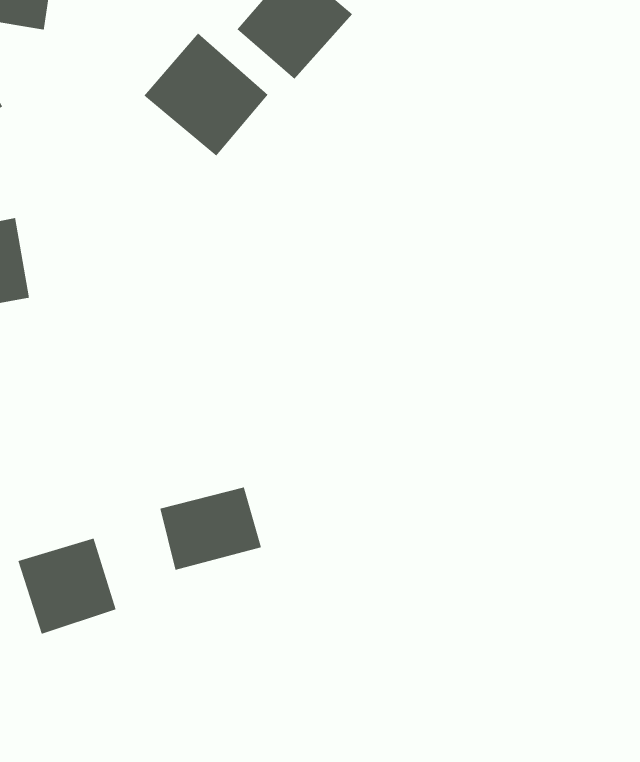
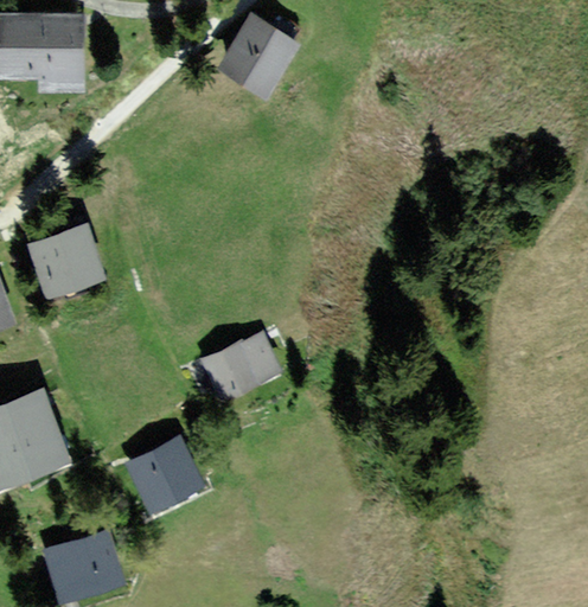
building: [144,33,269,157] -> none
building: [160,487,262,571] -> [204,333,280,400]

